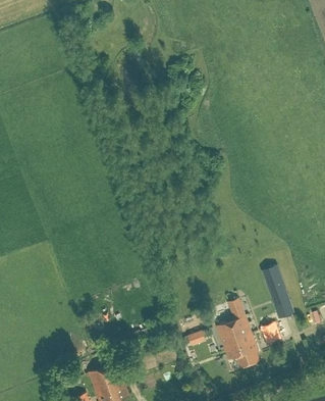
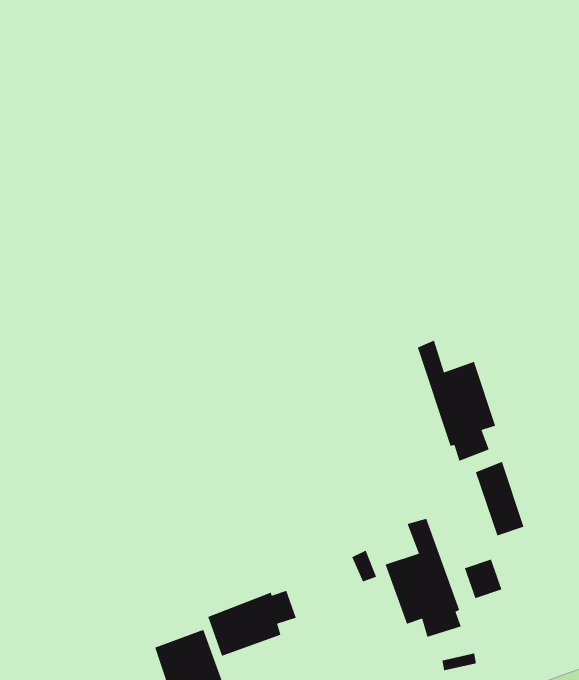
building: none -> [417,340,496,462]
building: none -> [207,590,297,657]

